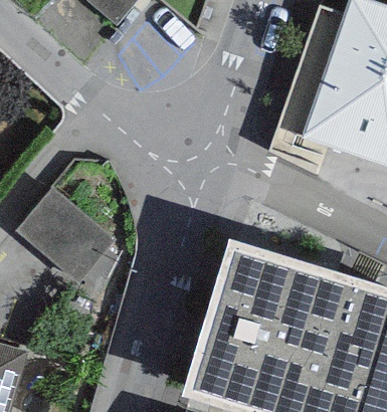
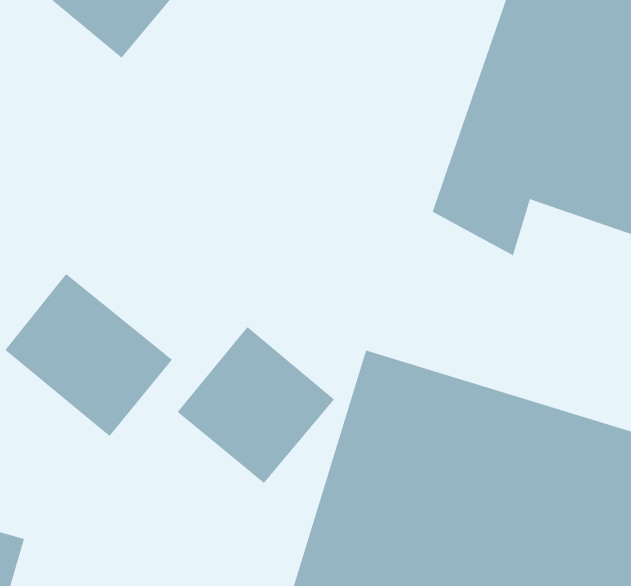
building: none -> [177,326,335,484]

